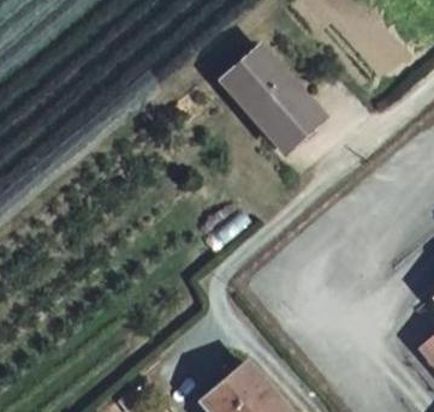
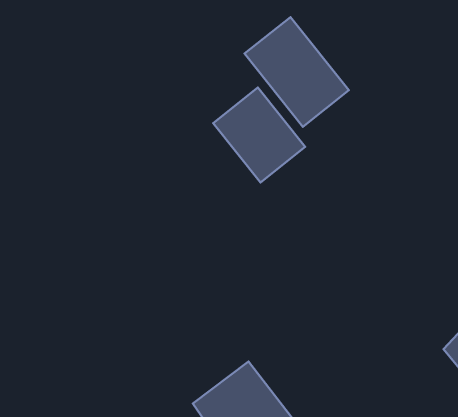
building: none -> [213,88,305,183]

